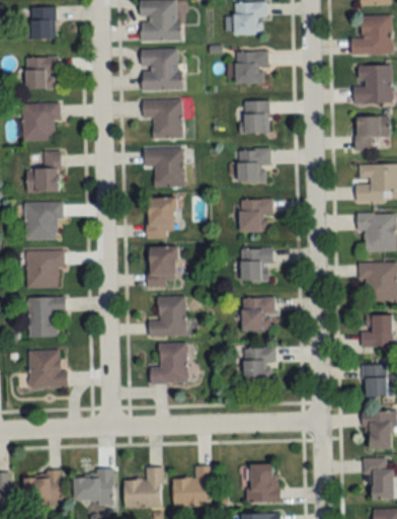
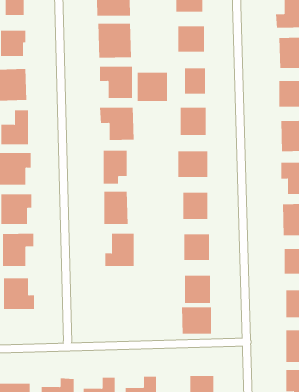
building: none -> [137,72,167,102]
building: [149,343,186,383] -> none
building: none -> [182,306,212,335]

